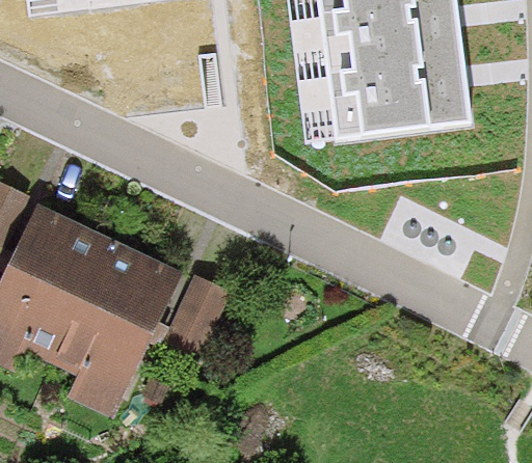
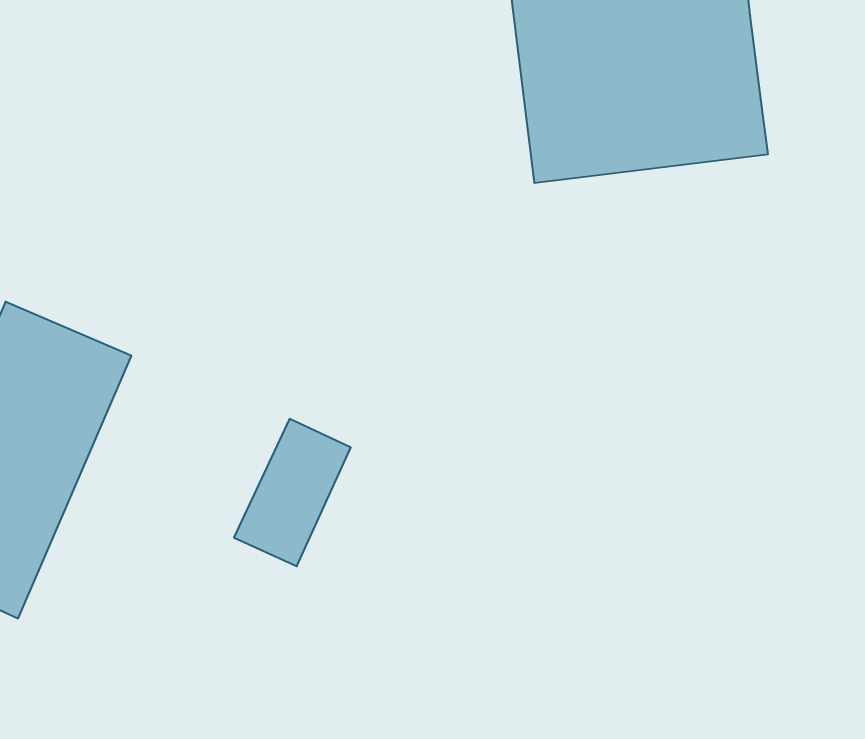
building: [38,236,177,418] -> none

